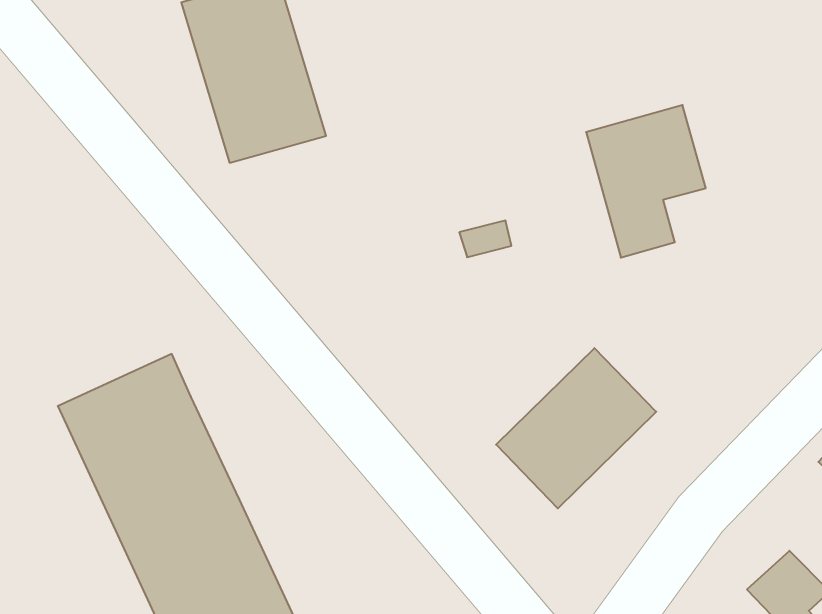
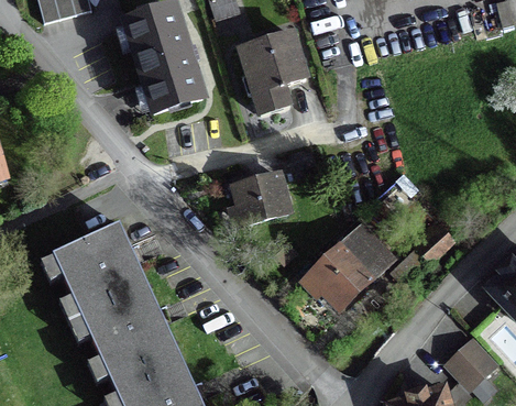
building: [586,105,706,258] -> [240,31,308,118]
building: none -> [231,173,288,221]

